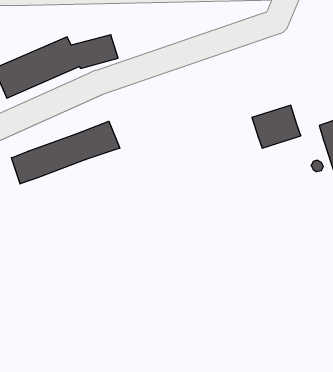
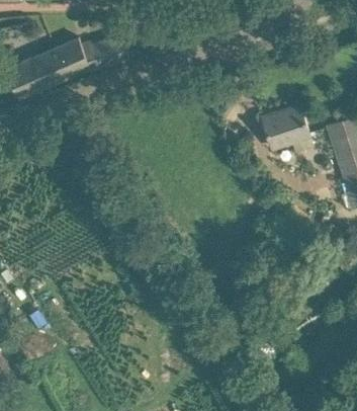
building: [11,121,120,184] -> none

